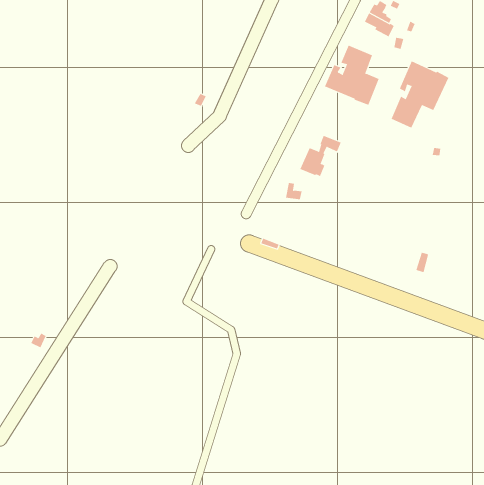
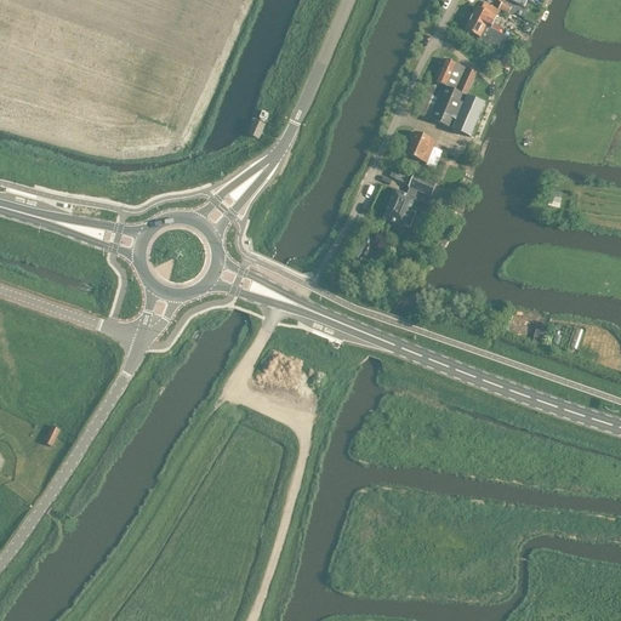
building: [391,61,449,128] -> none
building: none -> [408,130,437,160]

